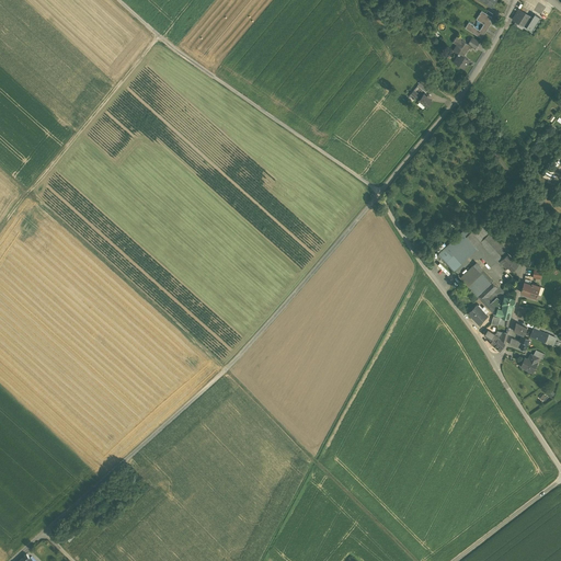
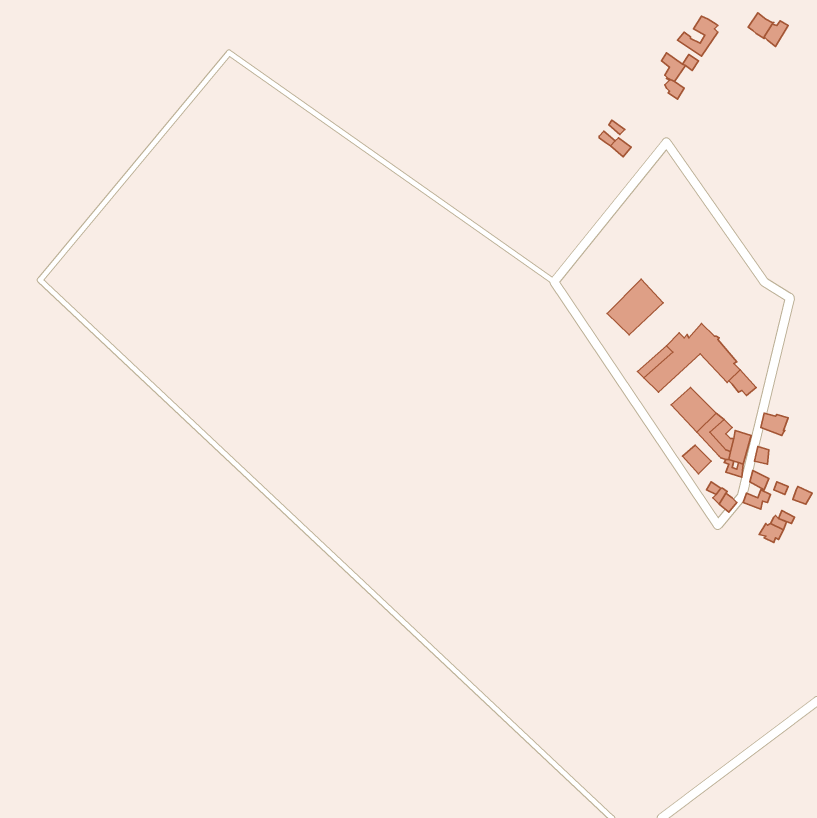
building: none -> [607,279,663,335]

